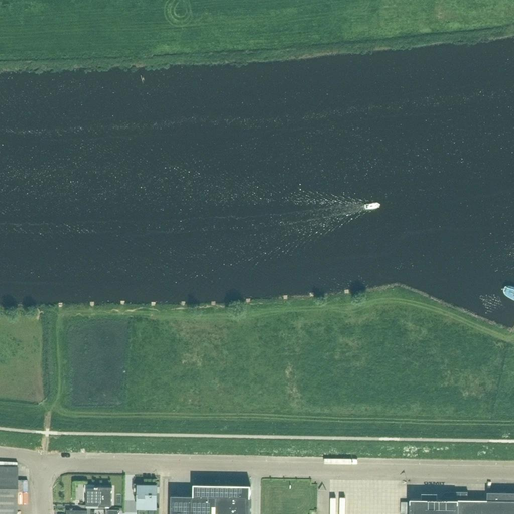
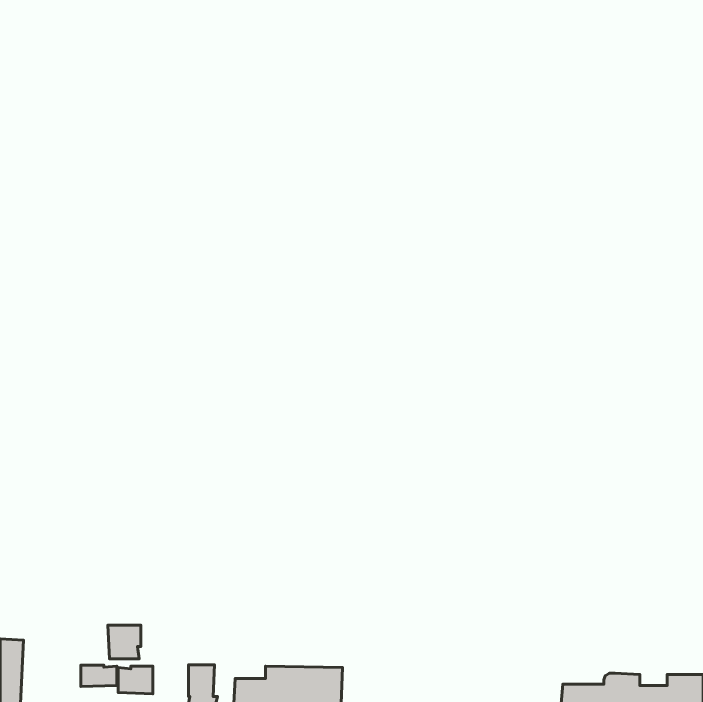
building: none -> [108,625,141,659]
building: none -> [81,665,117,687]

